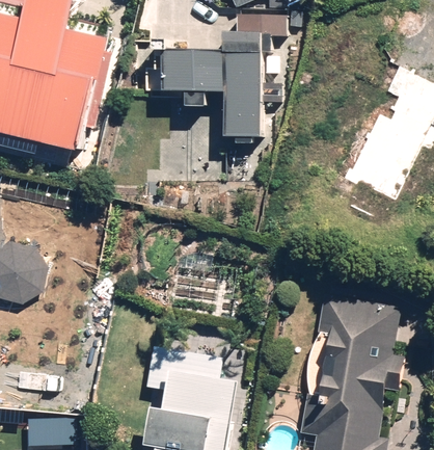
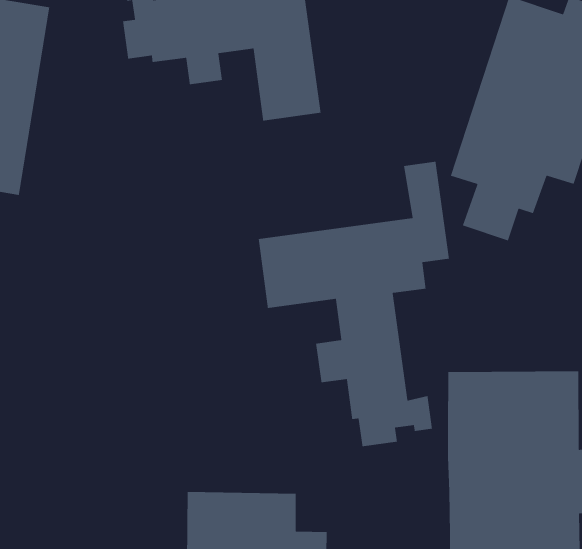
building: none -> [258,161,450,447]

